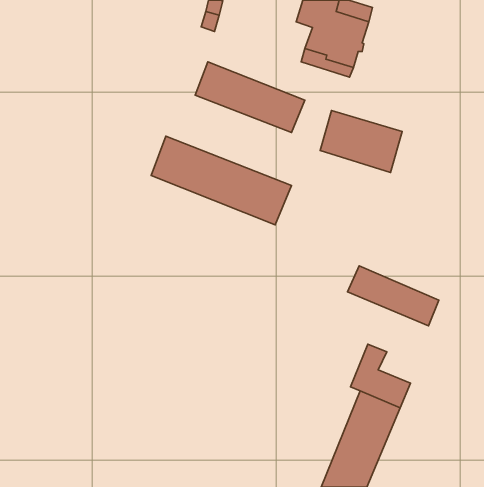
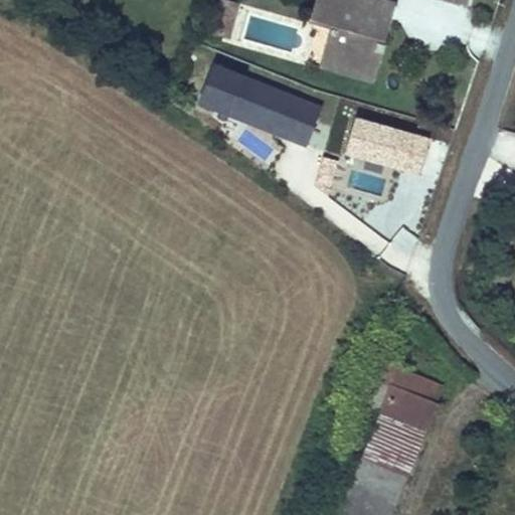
building: [151,136,292,225] -> none
building: [348,266,439,326] -> none
building: none -> [399,371,441,404]

